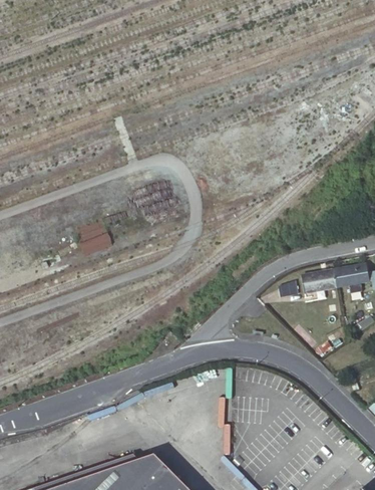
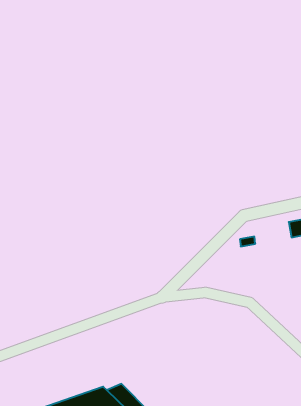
building: [302,270,337,292] -> none

